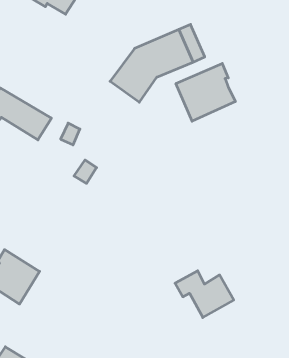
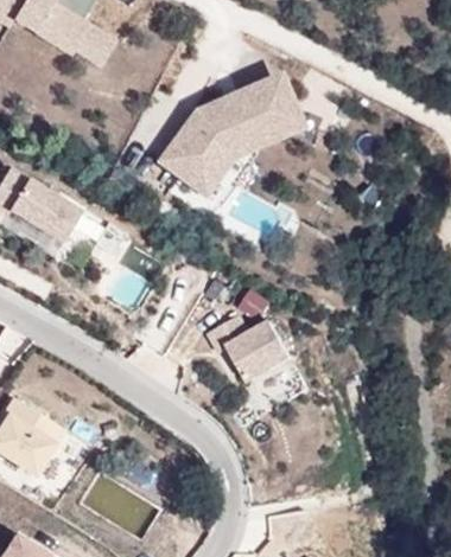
building: [176,63,235,121] -> none
building: [175,271,234,318] -> [210,315,293,382]

